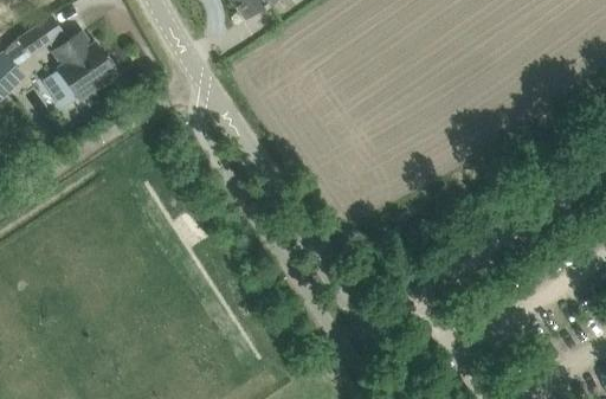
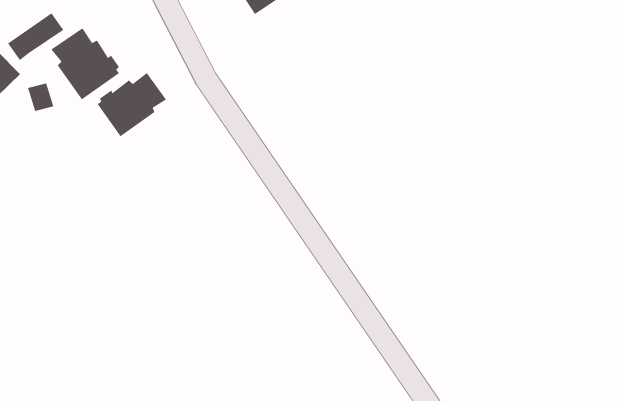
building: none -> [97,72,167,137]

